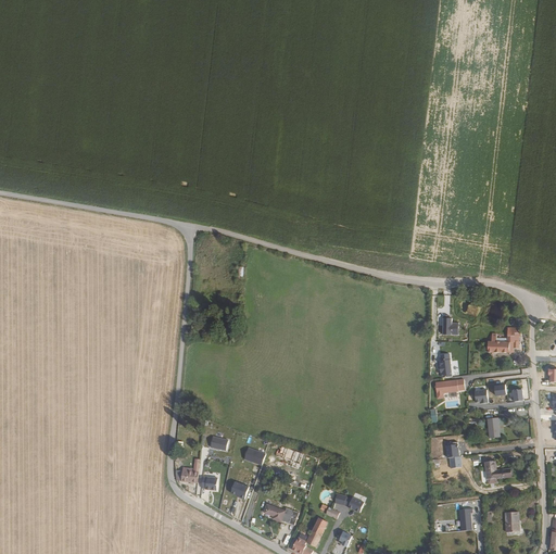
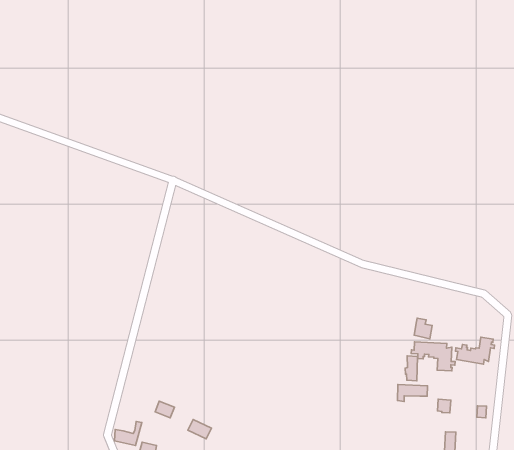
building: none -> [411,342,455,371]

